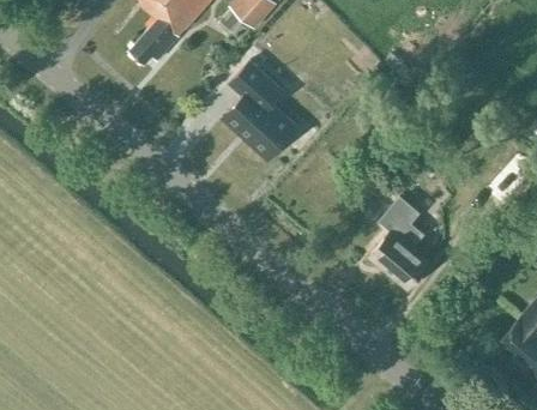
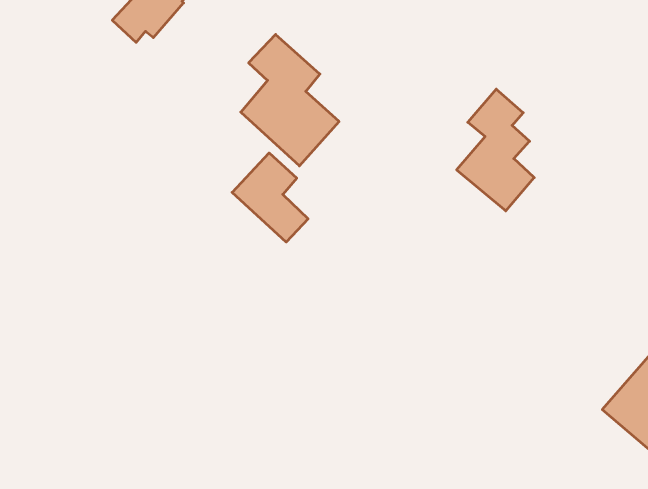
building: none -> [232,153,308,242]
building: [370,195,429,288] -> [457,89,534,211]

